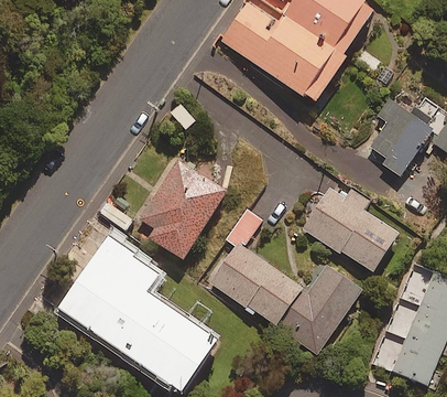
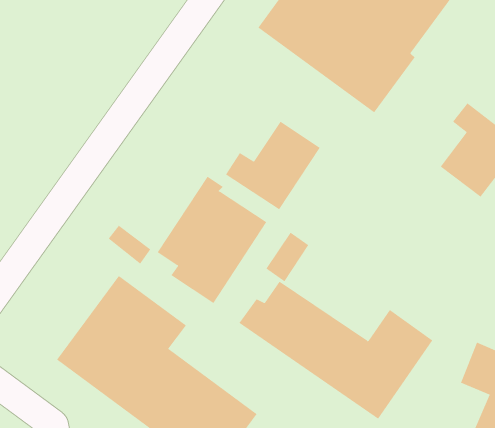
building: none -> [225,121,320,210]
building: [303,186,399,272] -> none

